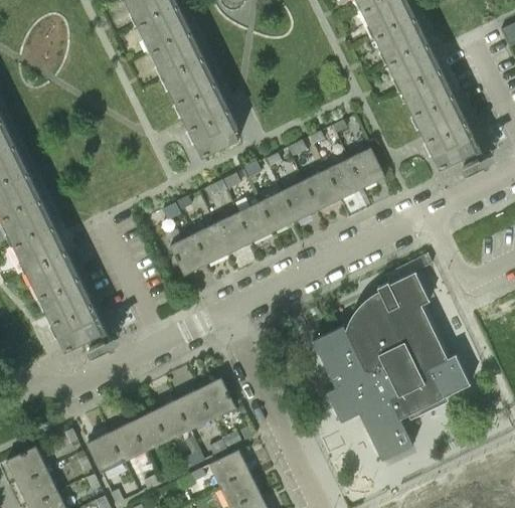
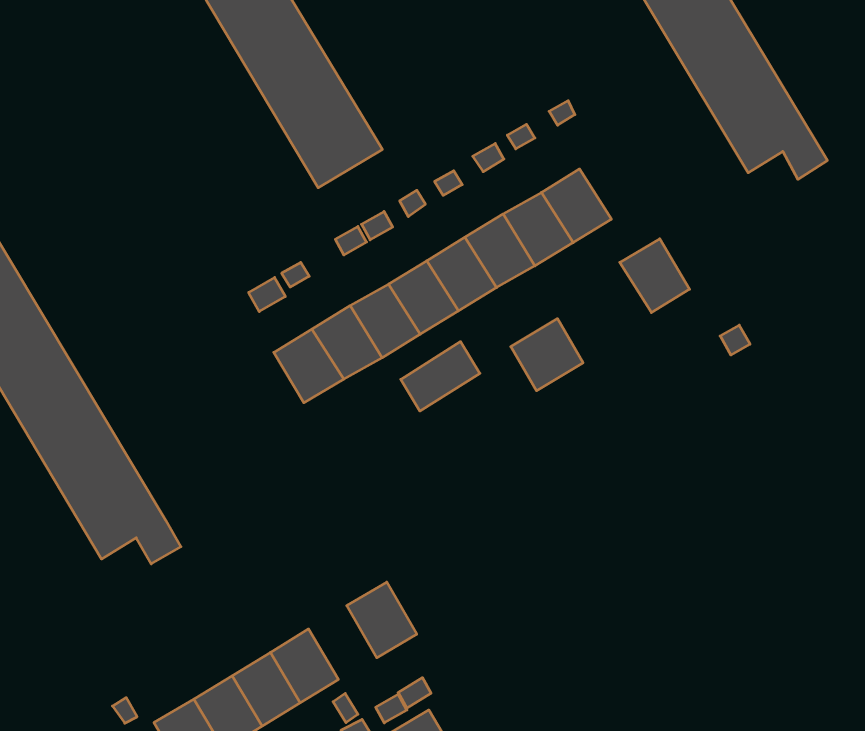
building: [347,147,384,187] -> [620,239,690,313]
building: none -> [511,319,583,391]
building: none -> [401,342,480,411]
building: [313,271,470,460] -> none
building: [176,387,212,428] -> none

